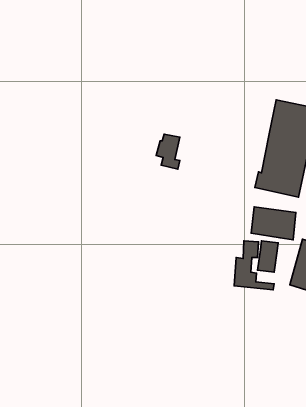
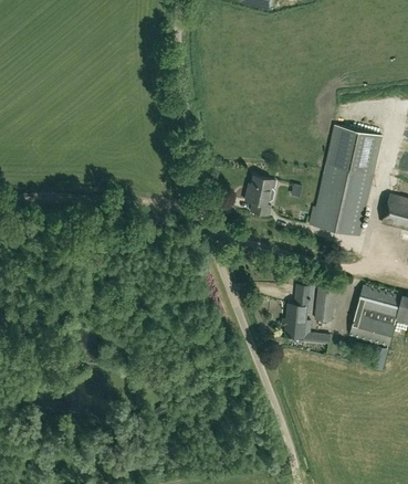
building: [156,134,180,169] -> [244,176,271,215]
building: [251,207,296,240] -> none

